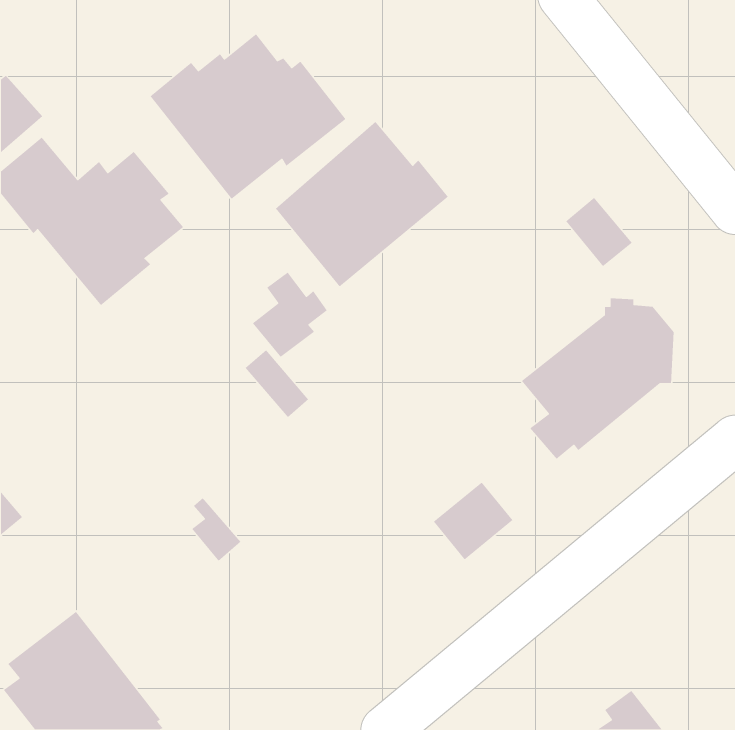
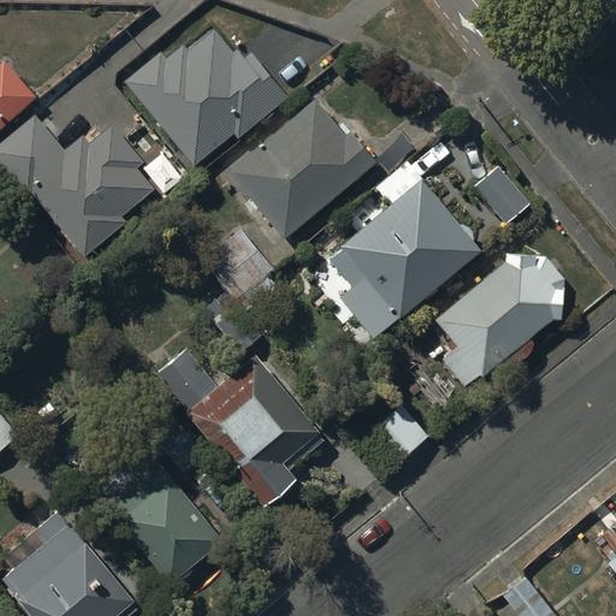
building: none -> [328,159,482,339]
building: none -> [160,350,318,509]
building: none -> [105,463,223,581]

